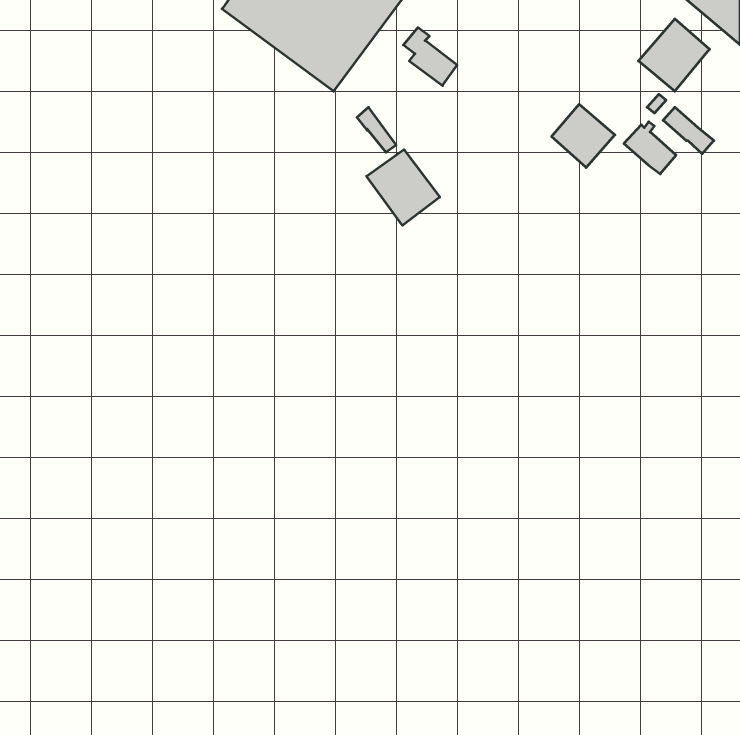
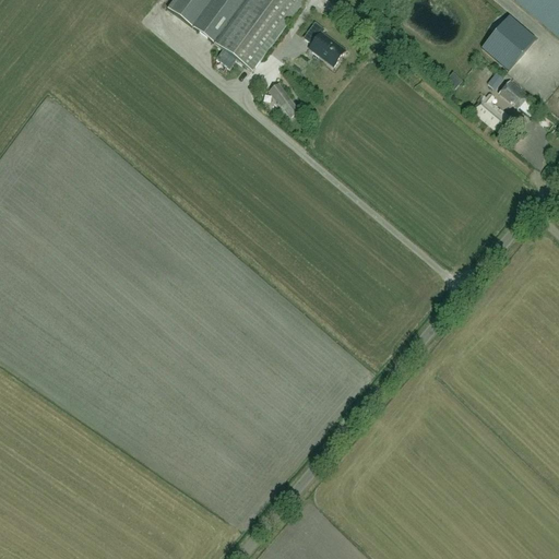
building: [552,104,615,168] -> none
building: [367,150,440,225] -> none

